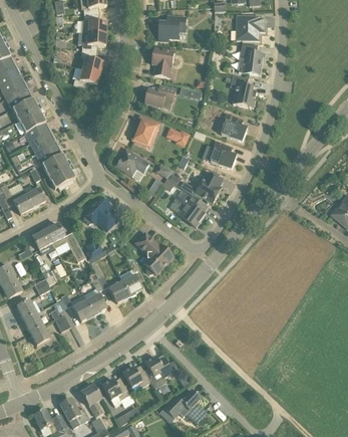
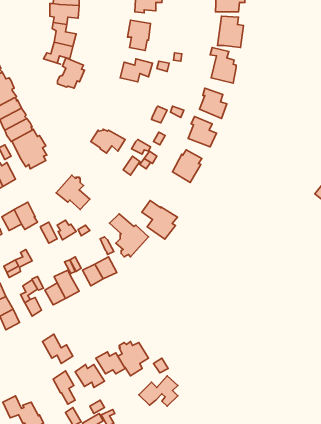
building: [132,115,158,144] -> [57,58,85,88]
building: [175,189,209,226] -> [142,201,178,239]
building: [60,397,89,425] -> [42,334,73,364]

